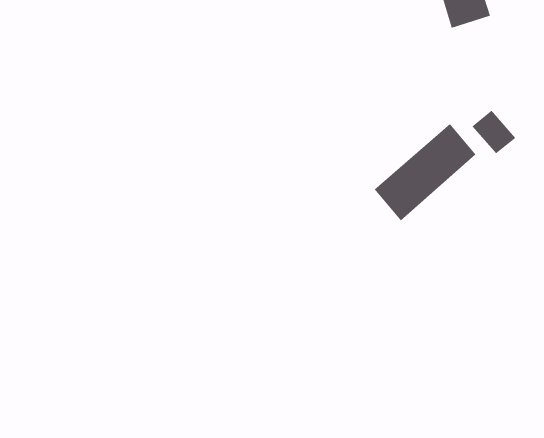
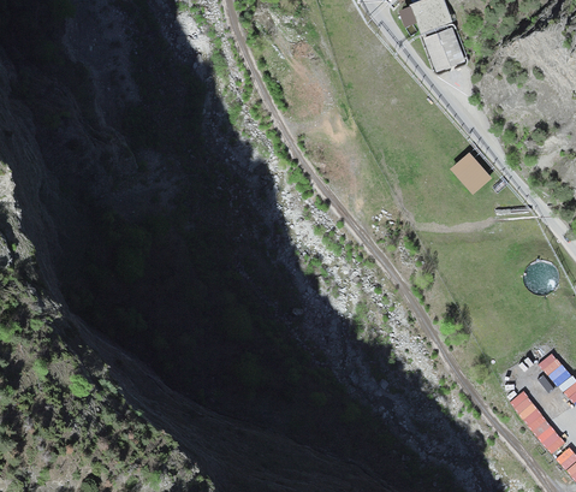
building: [374,123,476,221] -> none

